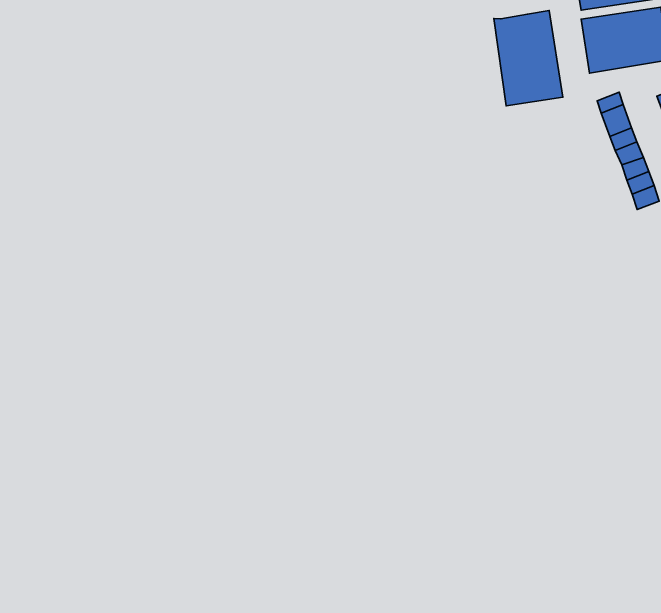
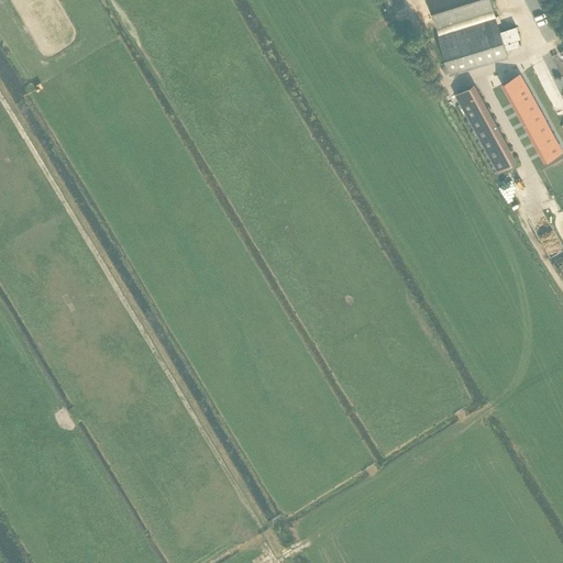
building: [494,11,563,106] -> none

